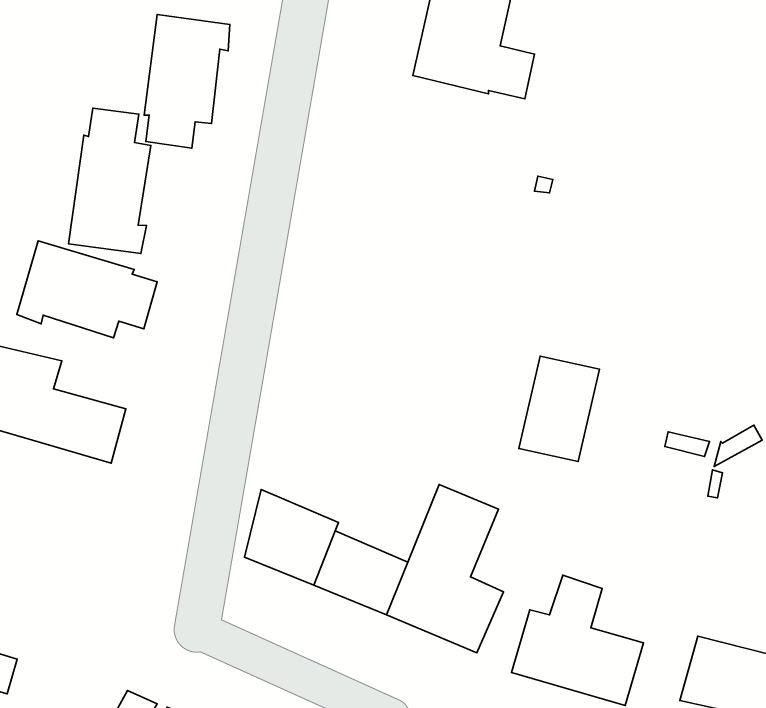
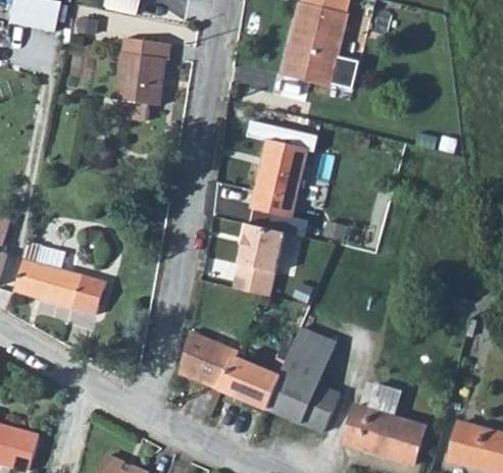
building: [69,108,151,254] -> none
building: none -> [247,121,317,217]
building: [17,241,157,338] -> none
building: [519,356,600,462] -> [234,224,284,290]

